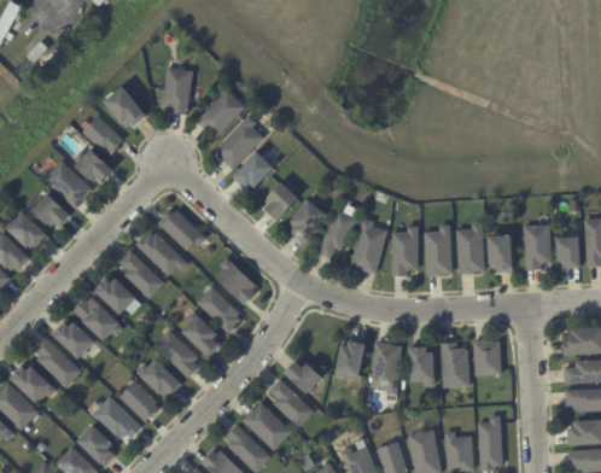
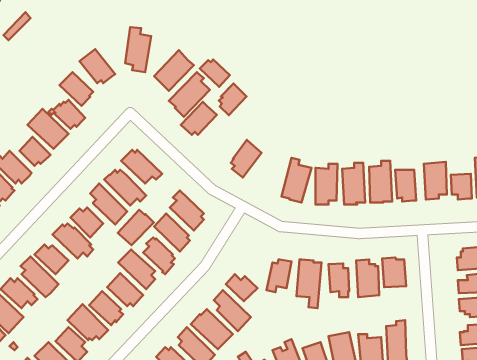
building: none -> [200,60,230,87]
building: [263,181,297,220] -> [219,83,247,115]
building: [316,209,357,258] -> none
building: none -> [118,210,154,245]

